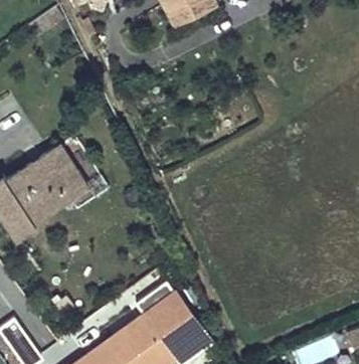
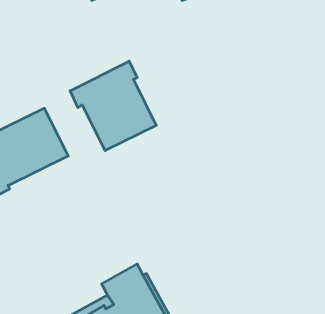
building: none -> [70,61,156,151]

